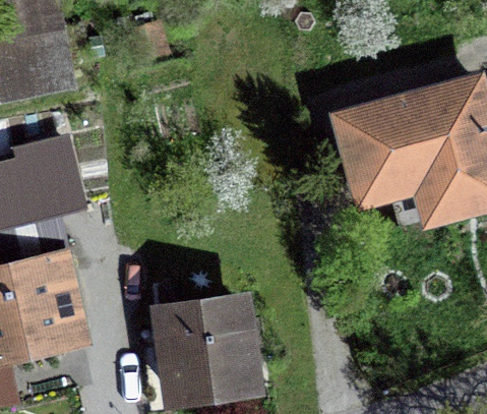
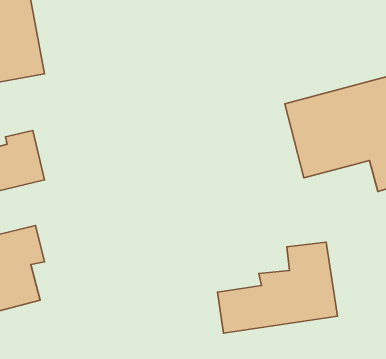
building: none -> [217,242,338,333]
building: [164,305,251,398] -> none

